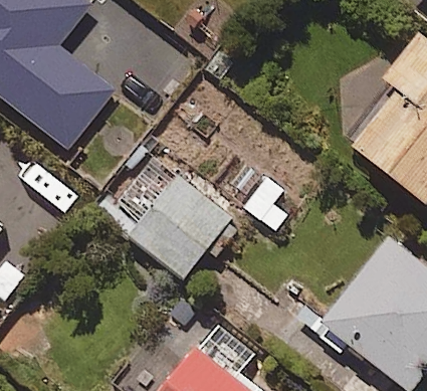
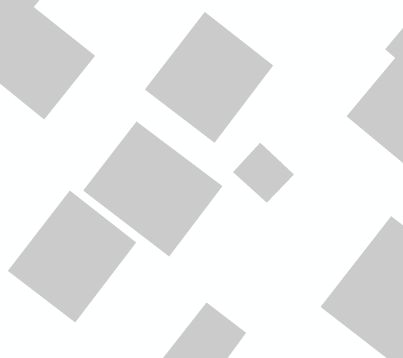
building: none -> [144,11,274,144]
building: none -> [7,189,137,324]

